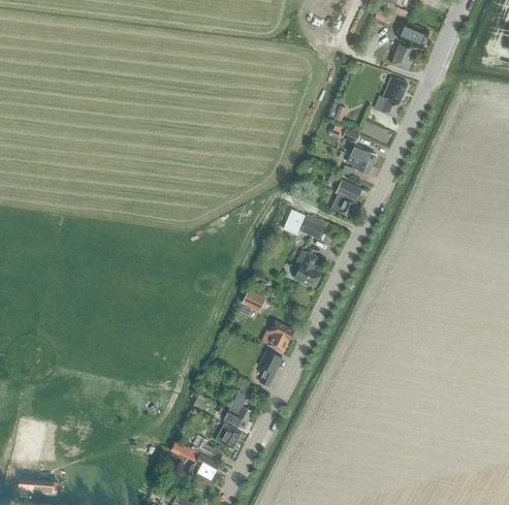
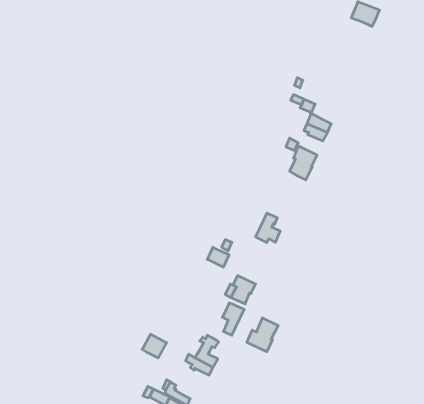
building: [391,42,417,70] -> none
building: [374,75,408,116] -> none
building: [287,207,324,239] -> none
building: none -> [247,318,278,352]
building: [215,422,242,448] -> [142,334,167,358]

